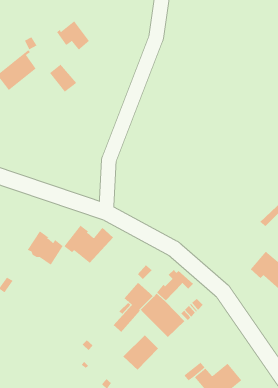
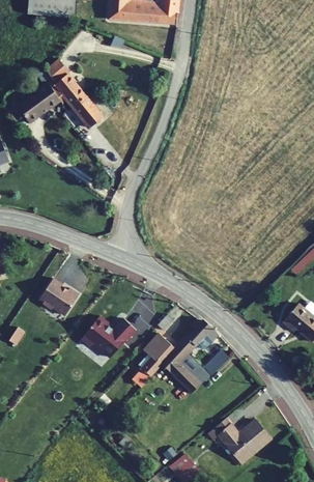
building: [56,21,90,50] -> [41,75,78,107]
building: [64,225,114,263] -> [84,314,138,356]
building: [122,335,159,371] -> none

